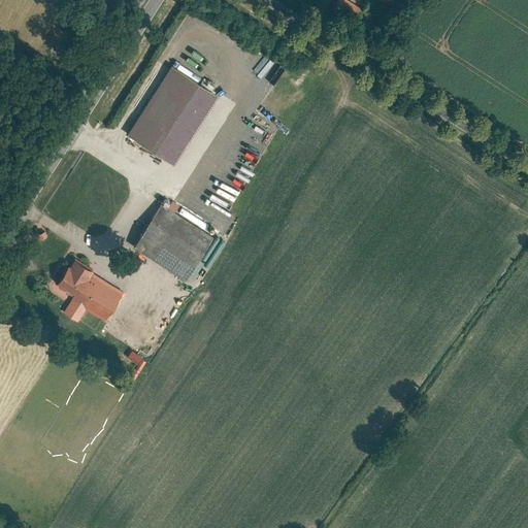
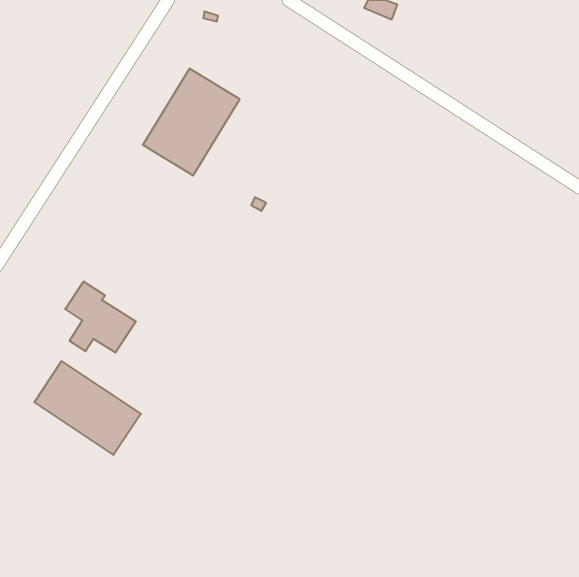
building: [134,206,211,280] -> none
building: none -> [34,361,141,455]

